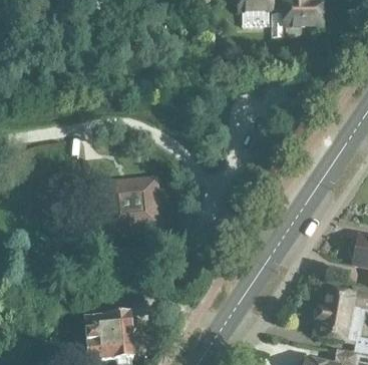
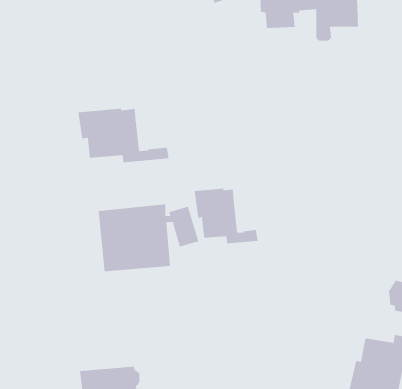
building: none -> [78,108,169,163]
building: none -> [194,188,258,244]

